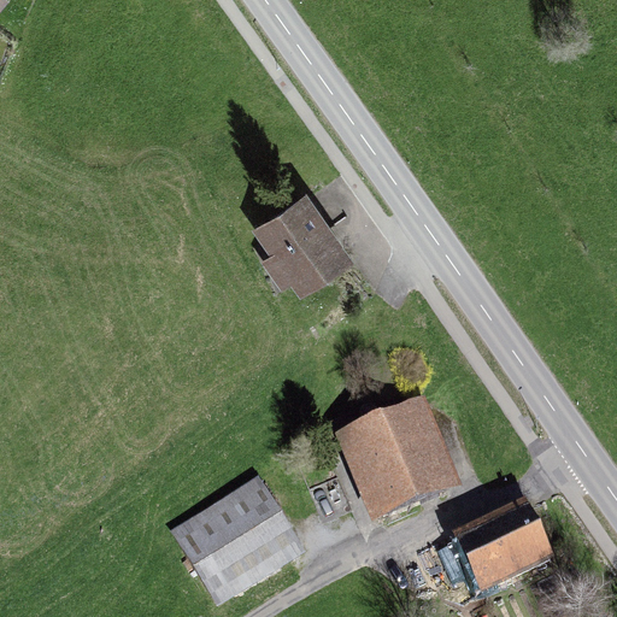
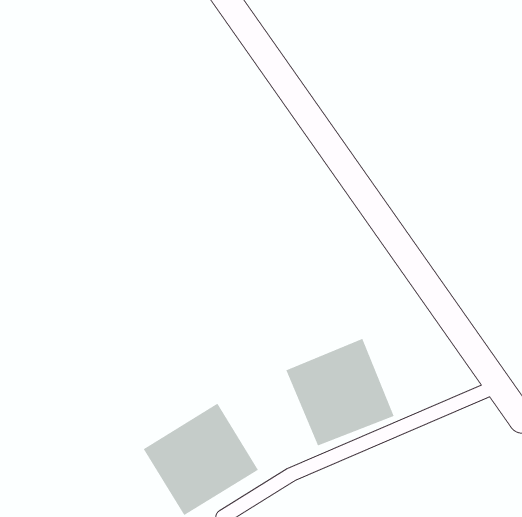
building: [249,180,355,288] -> none
building: [435,496,554,592] -> none

